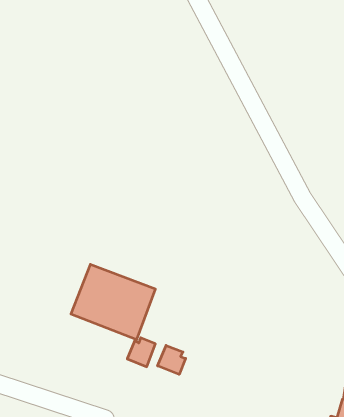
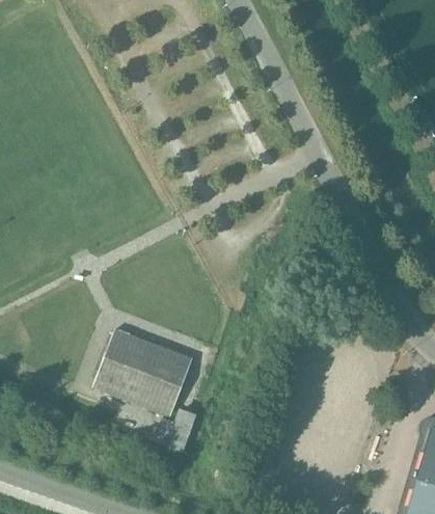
building: [158,345,186,374] -> none

